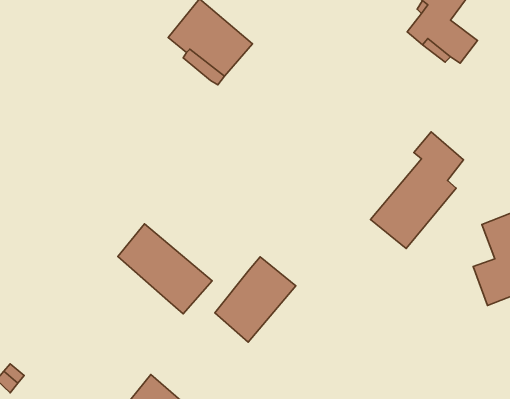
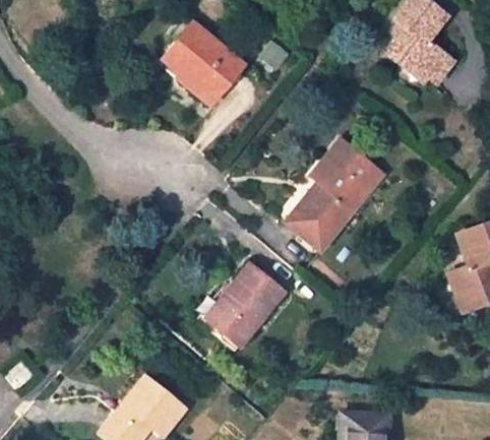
building: [371,132,464,249] -> [287,139,374,249]
building: [118,224,212,314] -> none

